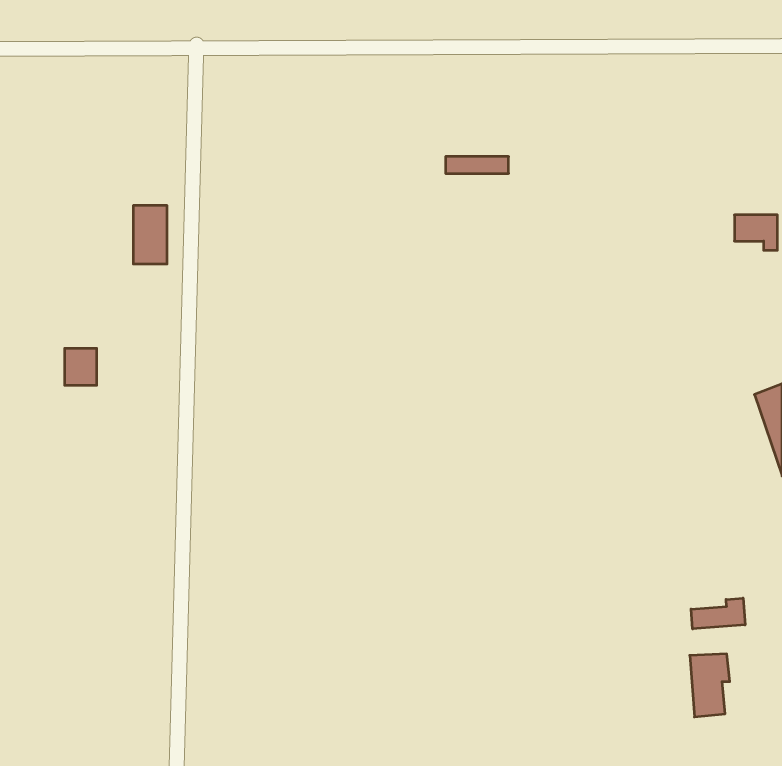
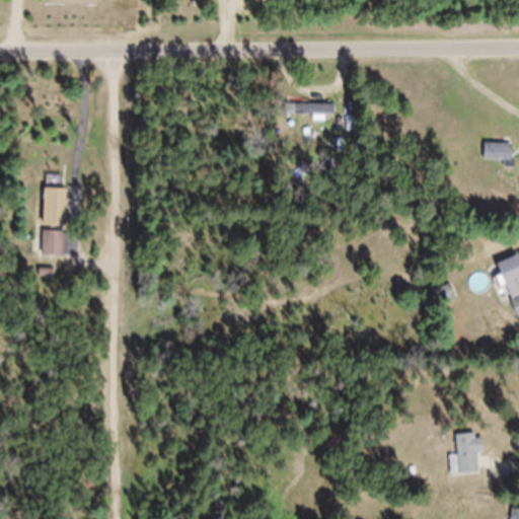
building: [133,206,167,264] -> [44,187,66,225]
building: [691,598,745,629] -> none

